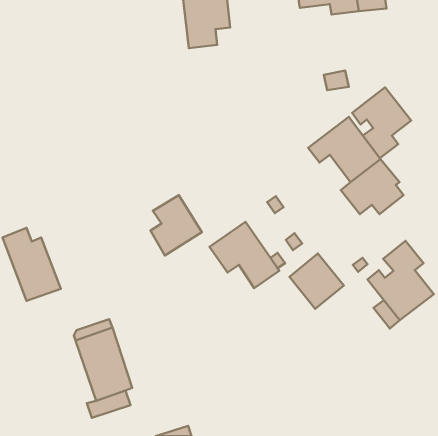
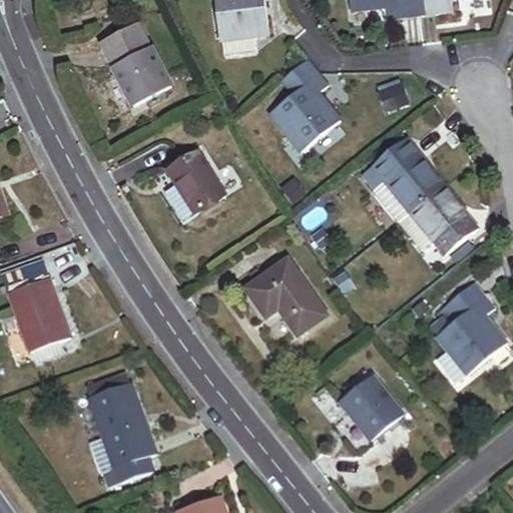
building: none -> [102,25,169,104]
building: none -> [271,56,339,149]
building: [352,88,411,158] -> none
building: [150,195,202,255] -> [164,151,224,221]
building: [290,254,344,309] -> [340,376,403,440]

